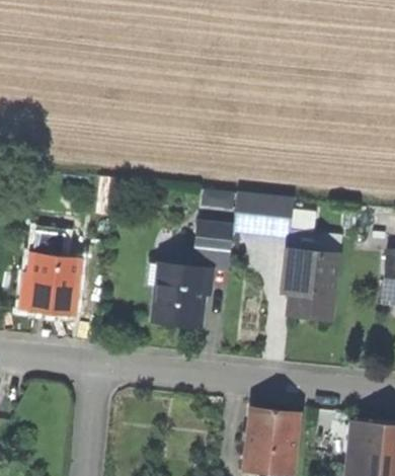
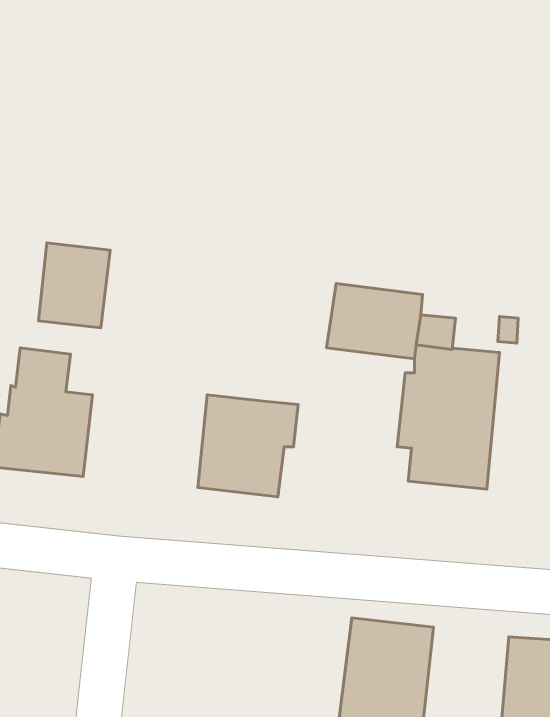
building: none -> [39,243,110,328]
building: [201,183,237,218] -> none
building: [192,223,234,271] -> none

